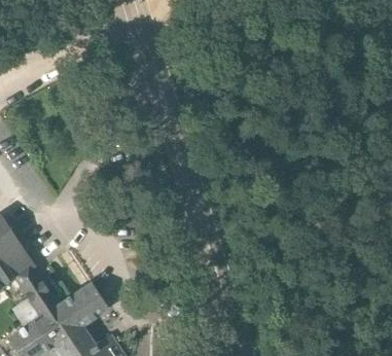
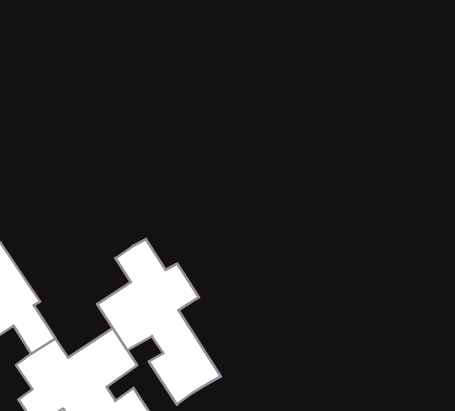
building: none -> [97,239,221,405]

